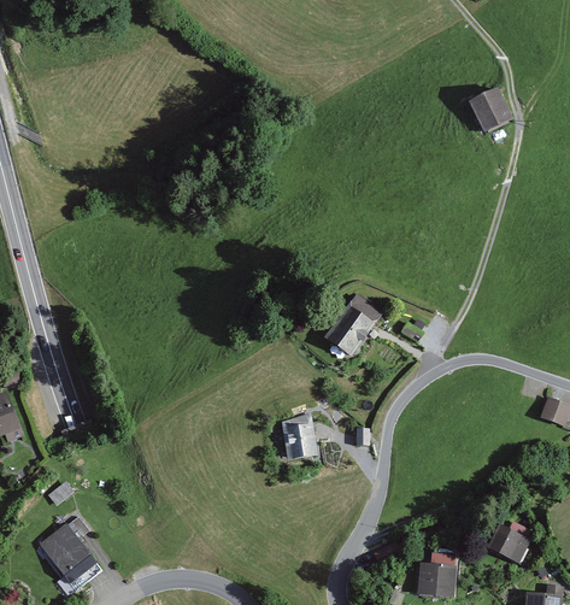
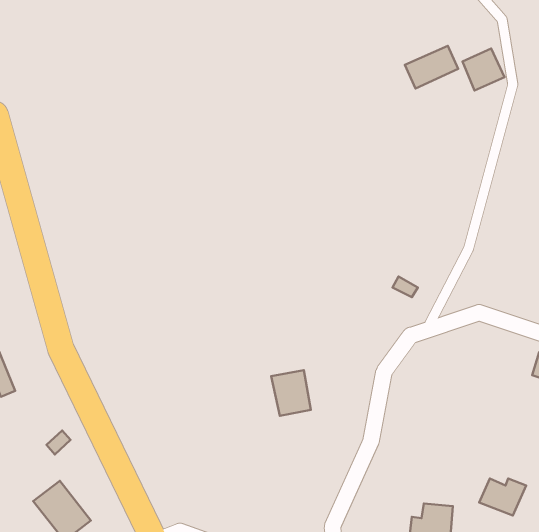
building: none -> [405,46,458,88]
building: [324,294,381,358] -> none

